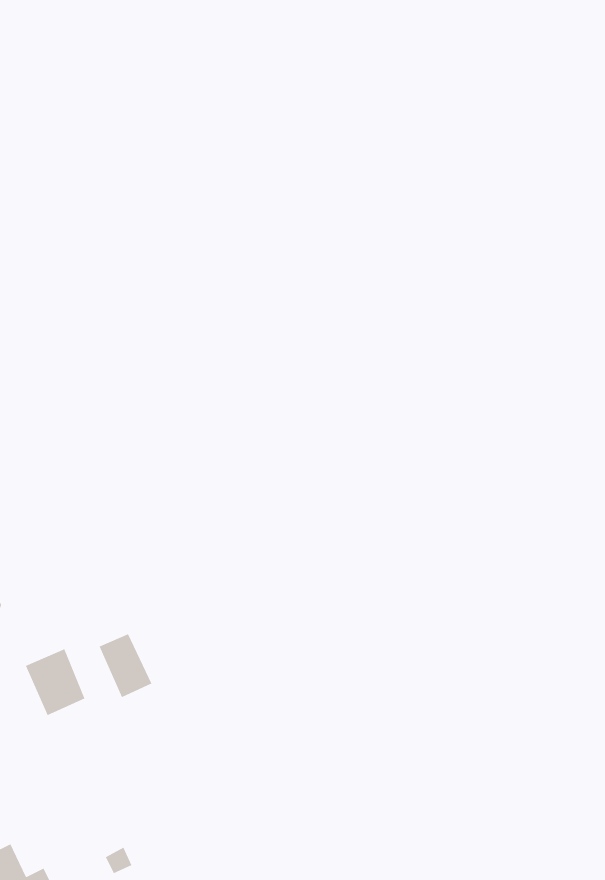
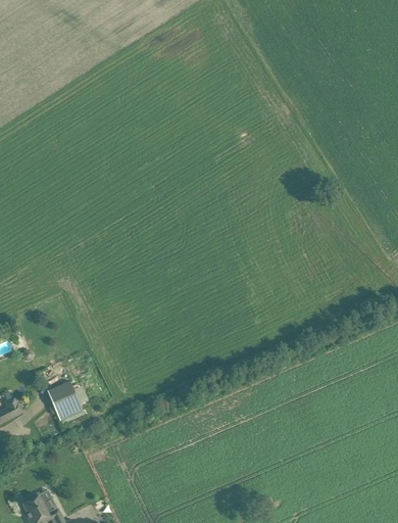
building: [98,633,153,698] -> none

